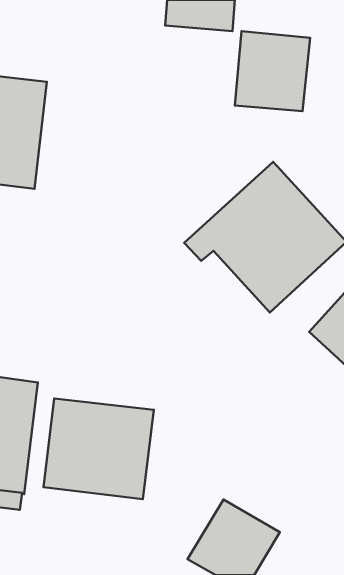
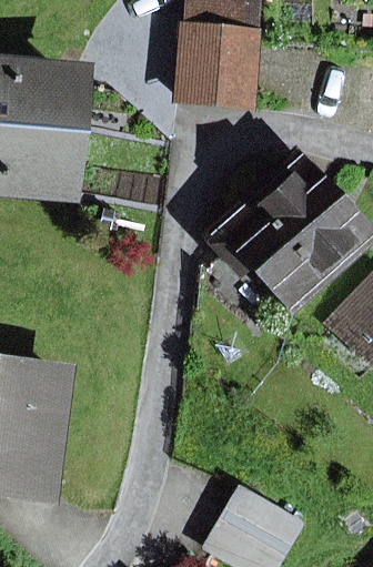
building: [235,31,310,111] -> [181,29,255,108]
building: [44,398,154,499] -> none

